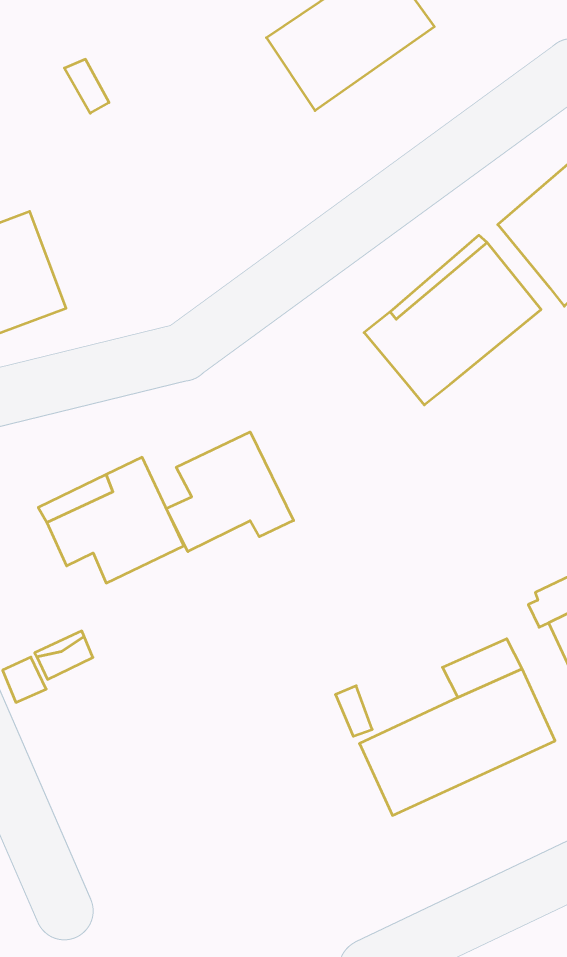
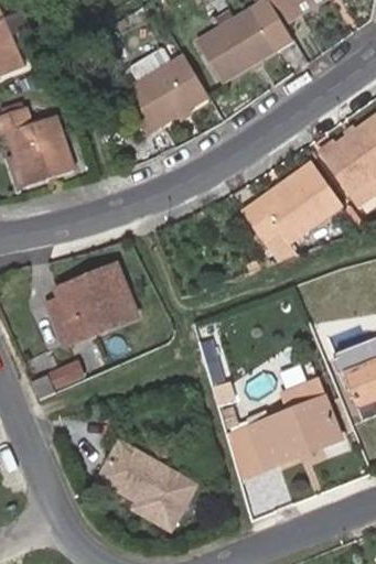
building: none -> [125,44,213,124]
building: [166,432,294,552] -> none
building: none -> [46,299,92,346]
building: none -> [98,441,195,530]

